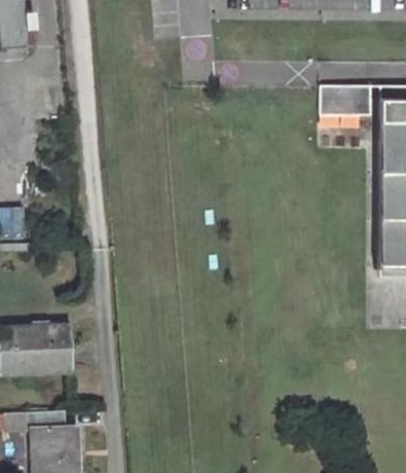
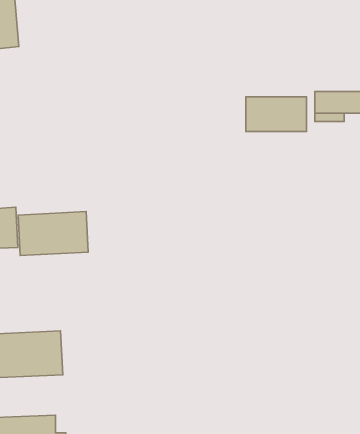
building: none -> [246,97,307,131]
building: none -> [18,212,88,256]

